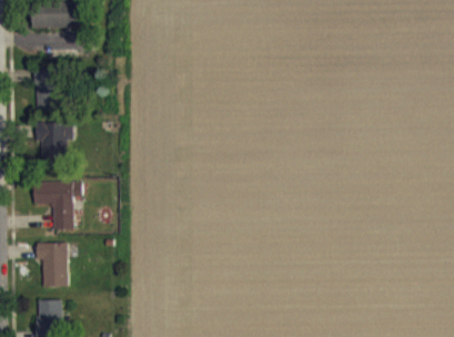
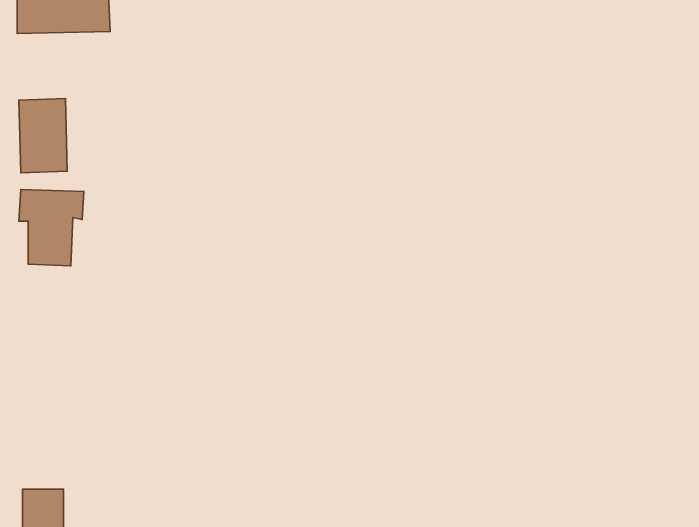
building: [33,184,82,233] -> none
building: [37,245,68,289] -> none

